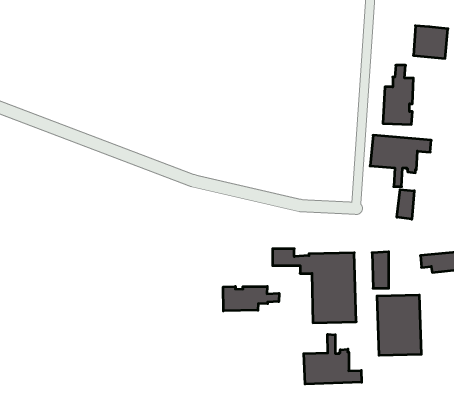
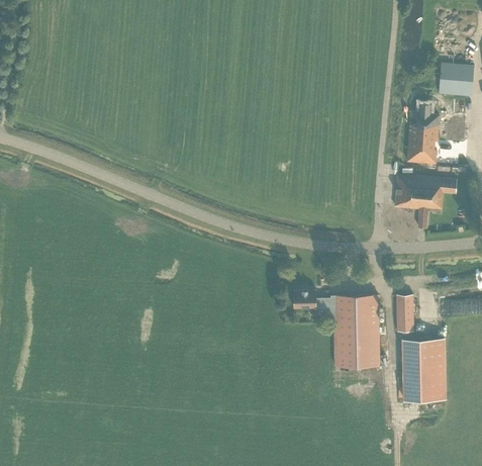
building: [397,190,414,219] -> none
building: [223,286,279,311] -> none
building: [304,334,362,384] -> none

